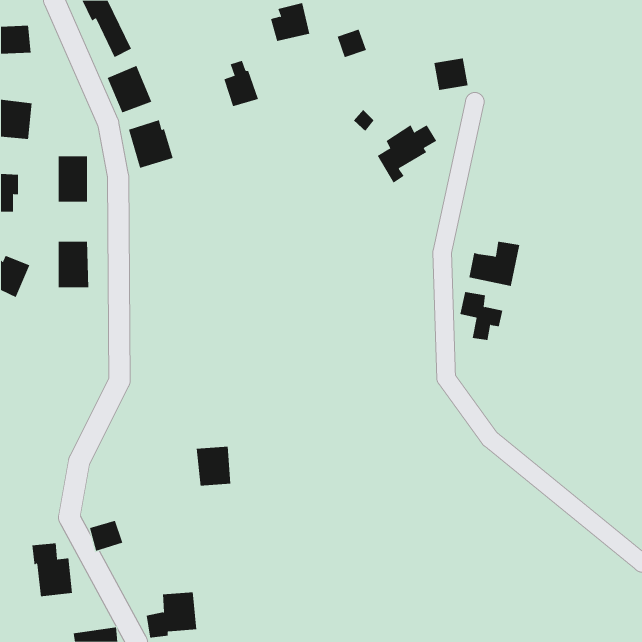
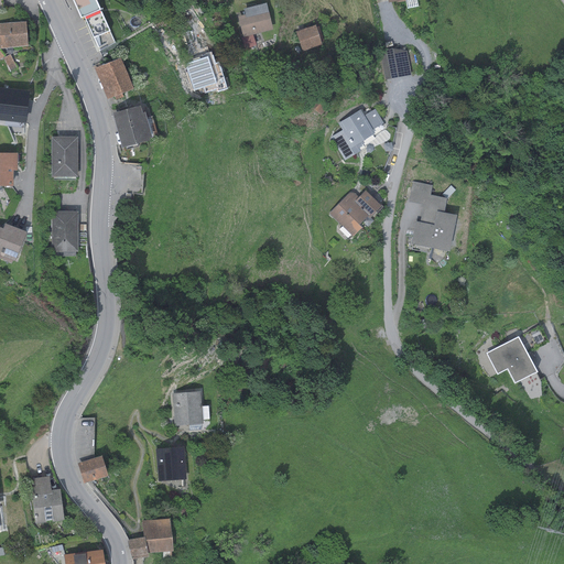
building: none -> [329,191,381,237]
building: [459,292,503,341] -> [409,182,447,225]
building: none -> [487,325,549,383]
building: none -> [155,447,186,481]

